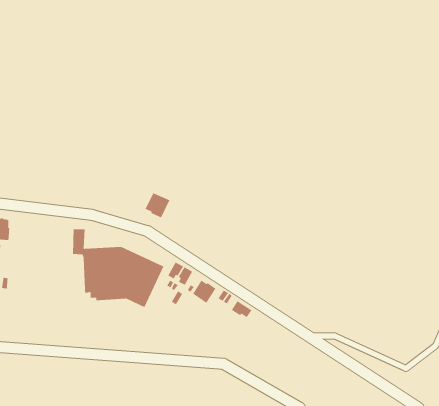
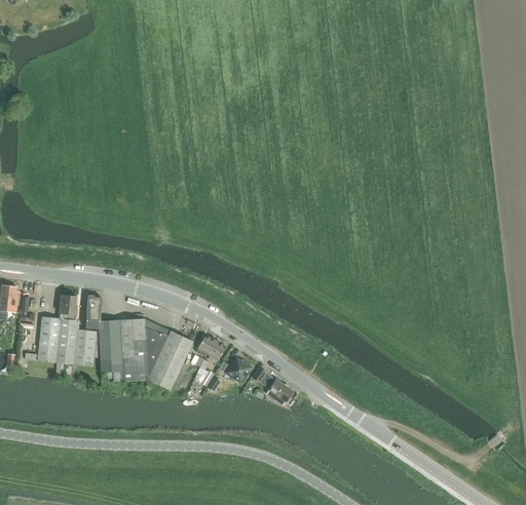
building: [144,192,170,218] -> none
building: none -> [37,295,100,365]

